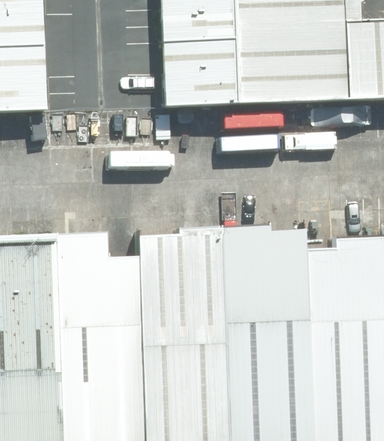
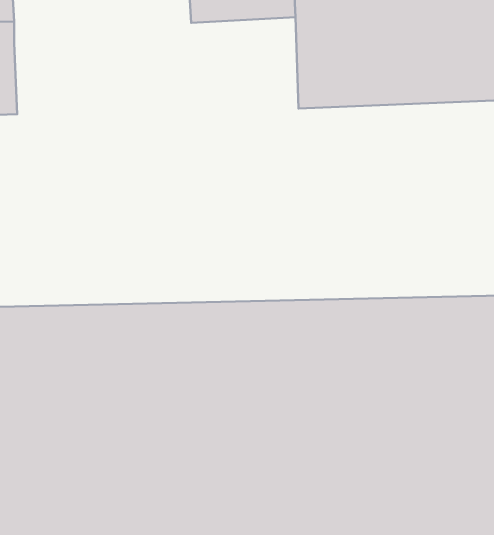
building: [158,42,232,109] -> none

